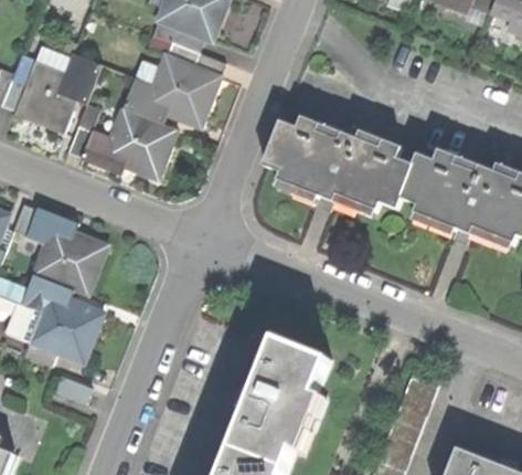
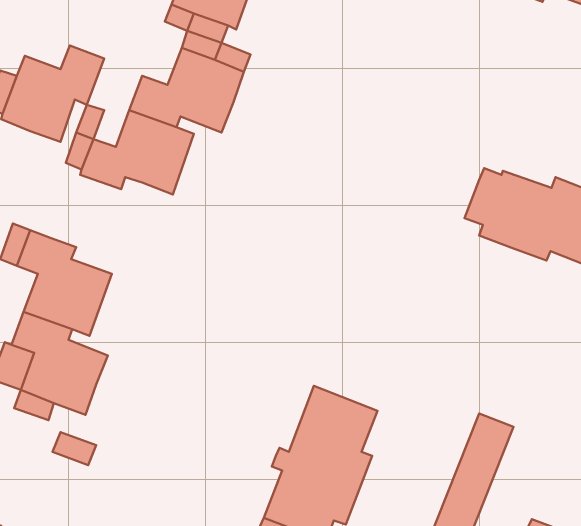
building: [266,120,414,208] -> none

